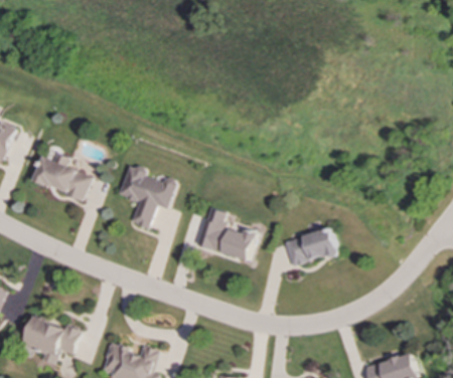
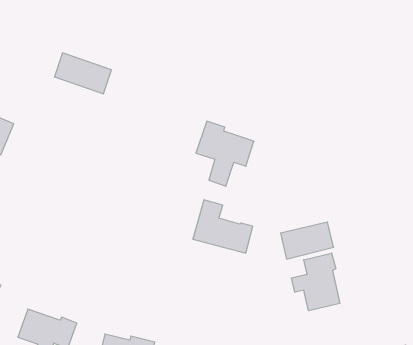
building: [34,158,92,199] -> [54,53,111,94]
building: [119,164,177,229] -> [196,121,254,186]
building: none -> [292,253,340,311]

